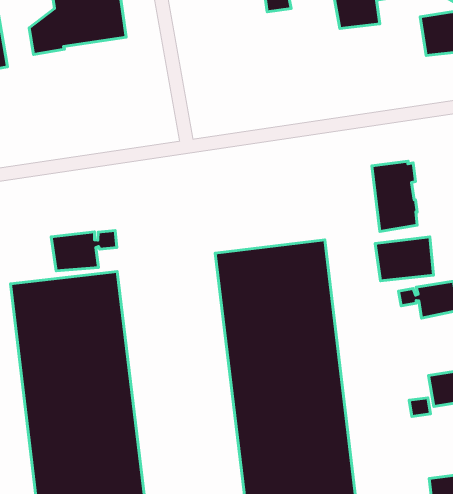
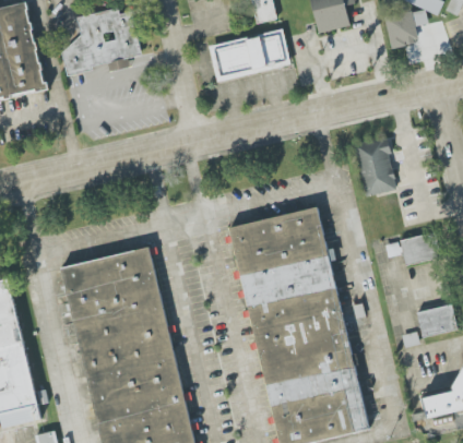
building: none -> [209,28,290,81]
building: [51,230,117,271] -> none
building: [375,237,434,281] -> none

